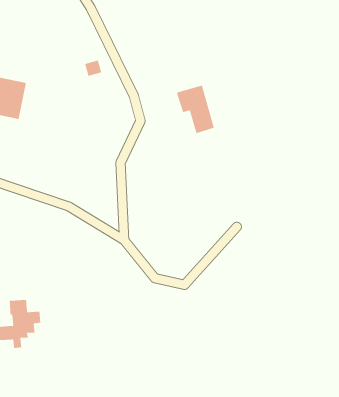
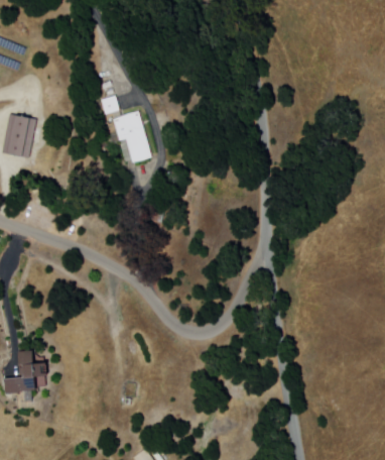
building: [176,84,215,134] -> [111,111,152,163]

